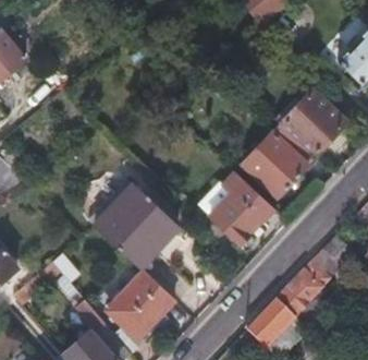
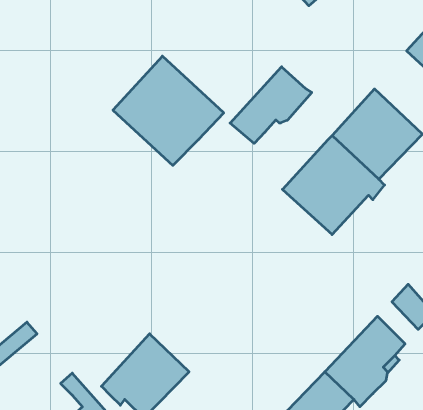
building: none -> [230,67,312,143]
building: [208,182,274,245] -> none
building: [94,187,176,268] -> [113,56,224,165]

